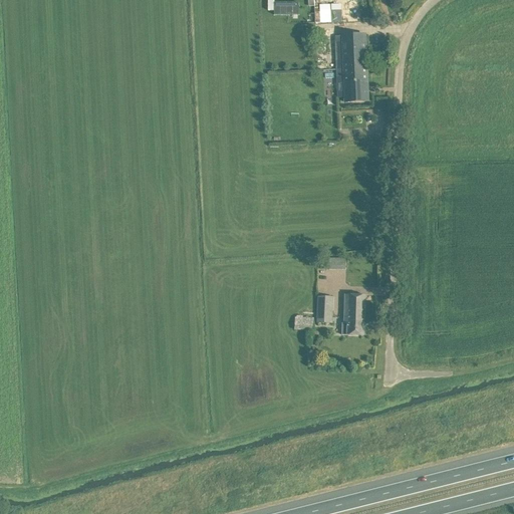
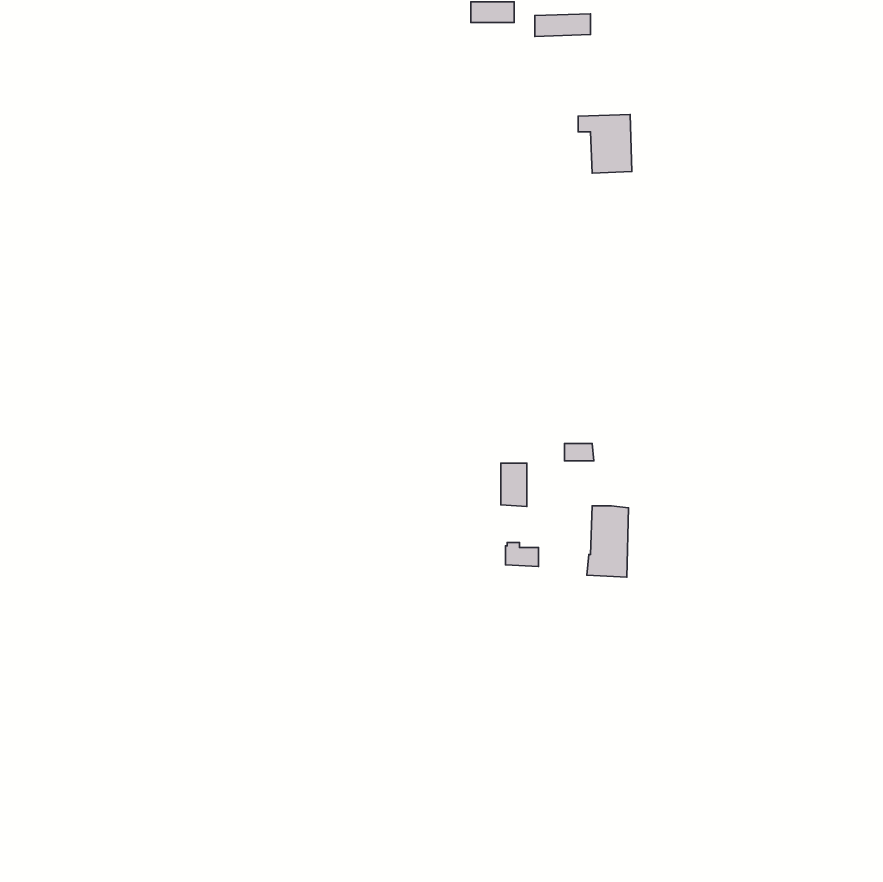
building: [334,33,365,67] -> none
building: [315,296,330,321] -> [501,463,527,506]

